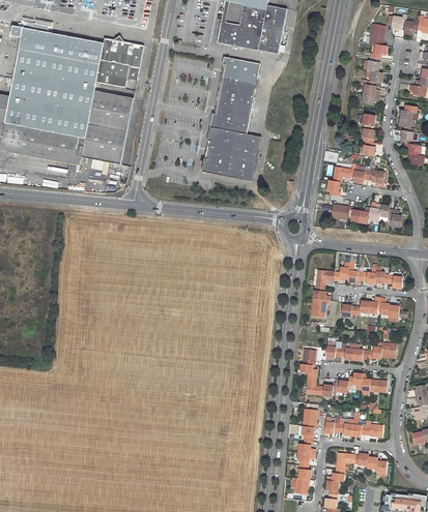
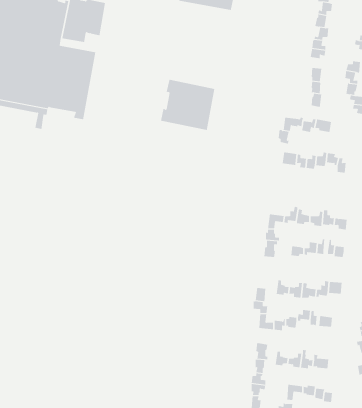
building: [210,56,260,133] -> none

